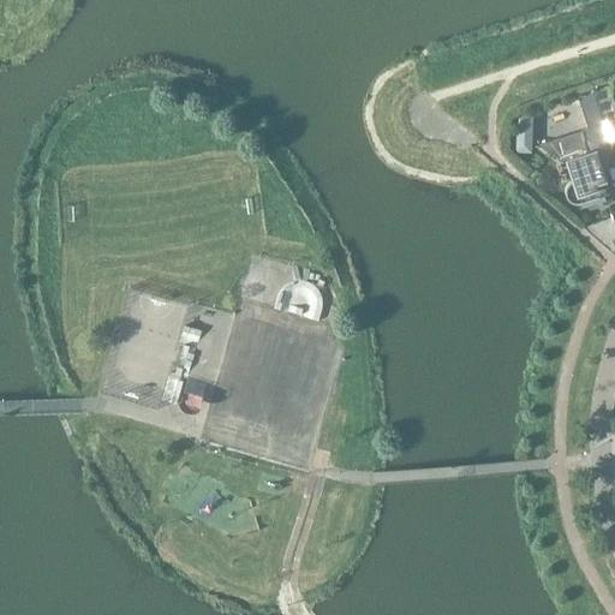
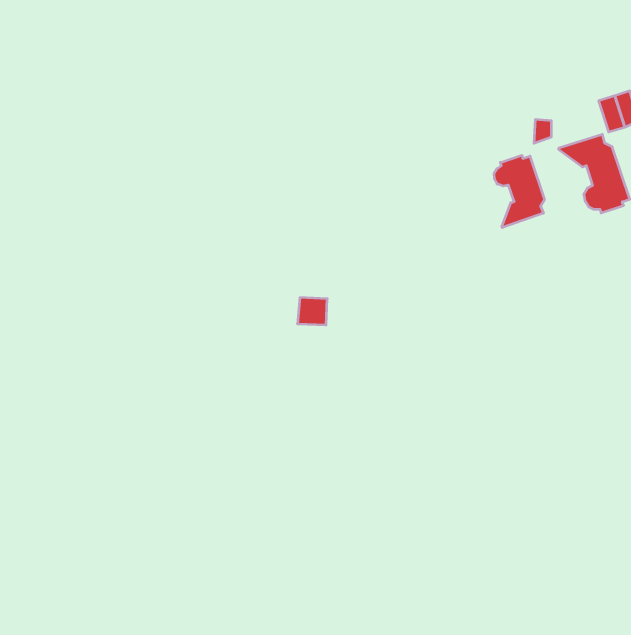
building: none -> [494,155,544,228]

